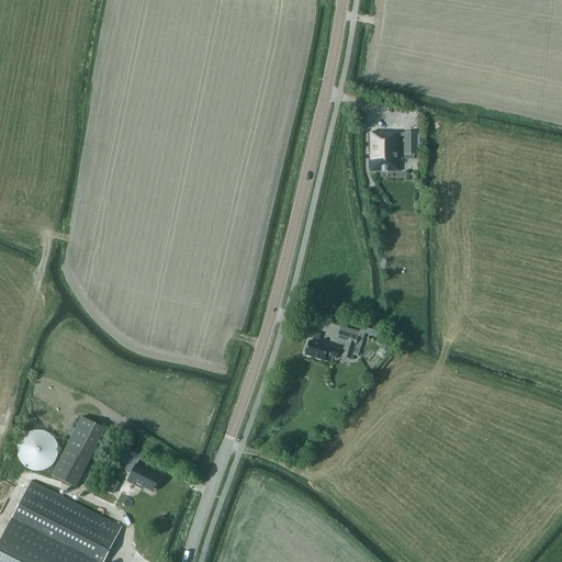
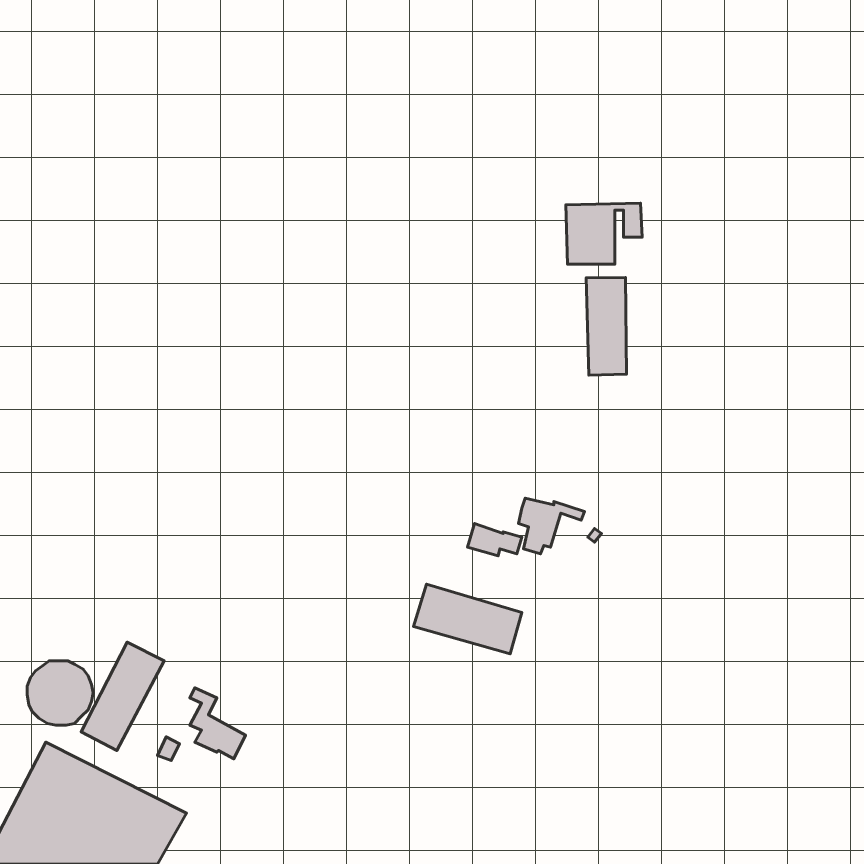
building: none -> [586,278,626,375]
building: none -> [413,584,522,654]

